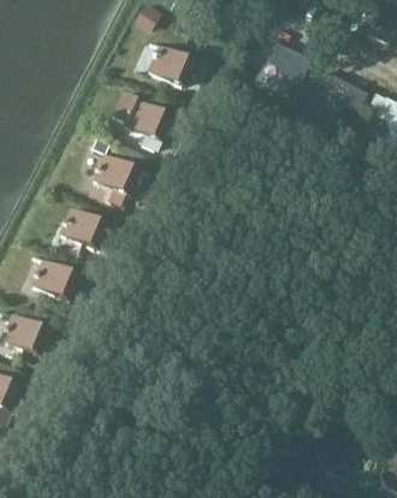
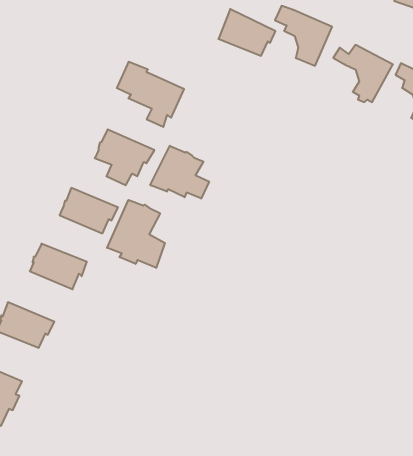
building: [147,43,200,87] -> [218,9,275,56]
building: none -> [150,146,209,199]
building: none -> [107,200,165,268]

